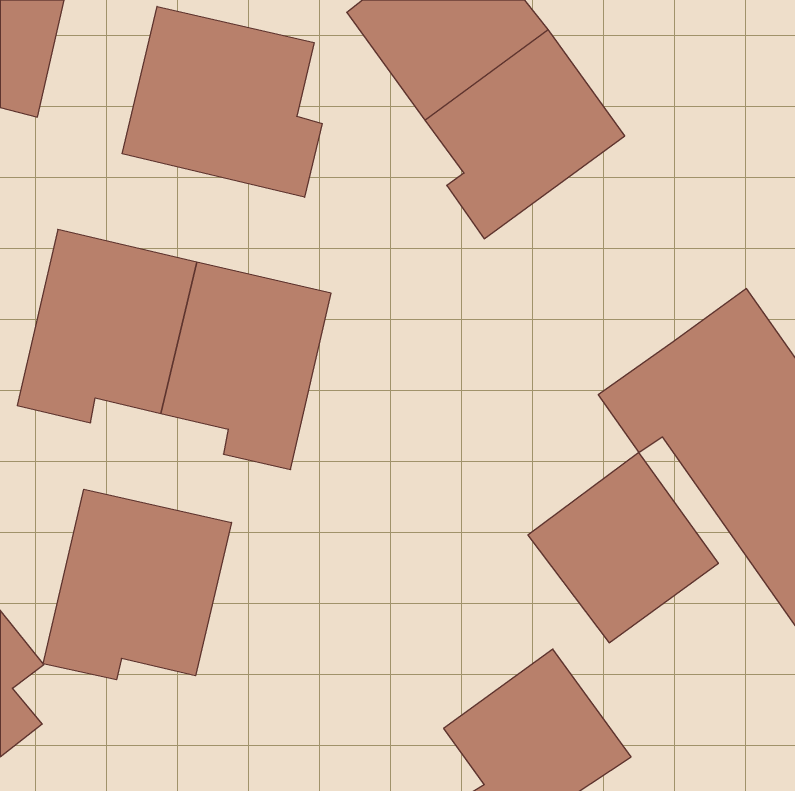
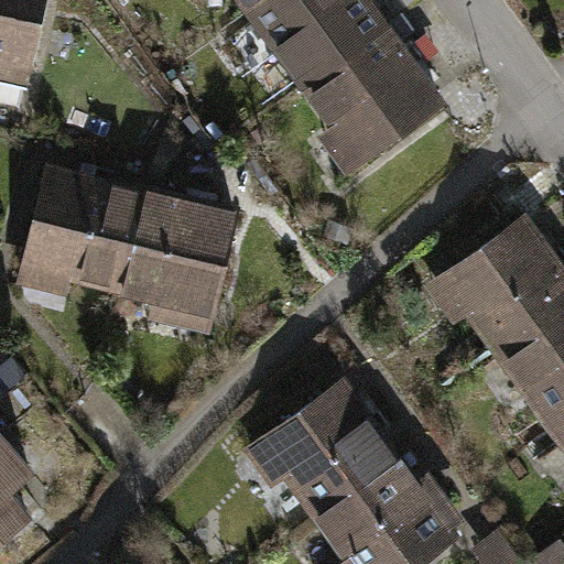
building: [122,6,322,197] -> none
building: [528,452,718,643] -> [258,384,392,519]
building: [43,489,231,680] -> none

